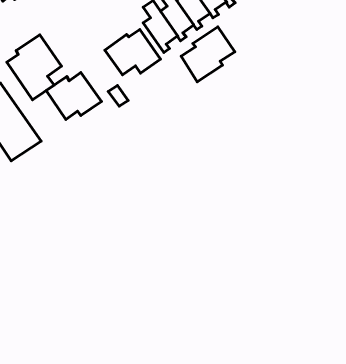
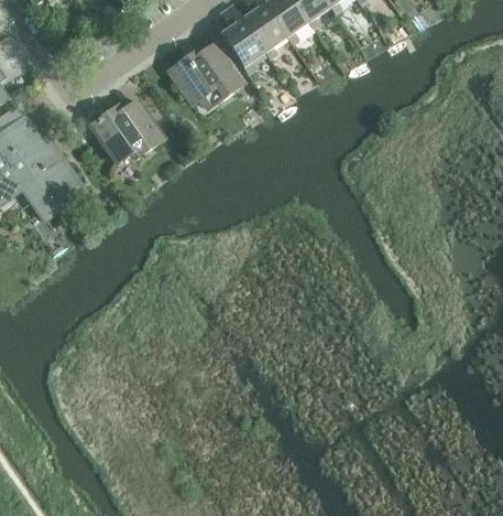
building: [181,27,235,82] -> none
building: [7,35,61,100] -> none

